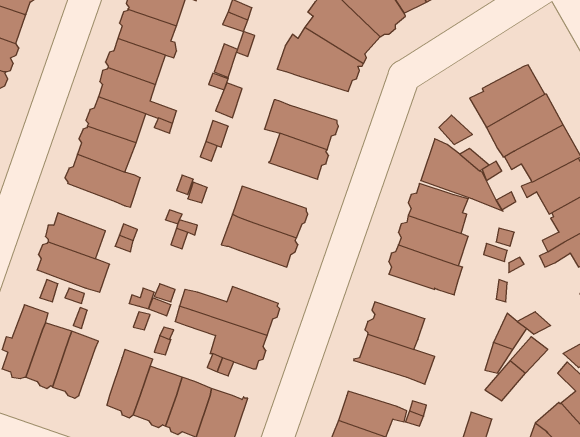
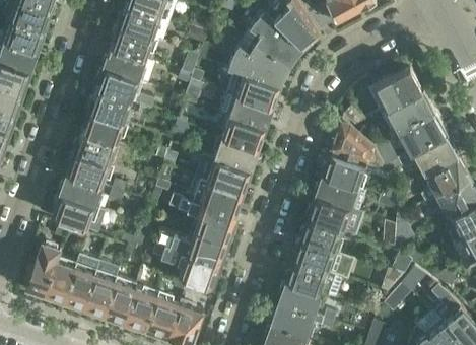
building: none -> [226,72,279,108]
building: none -> [214,138,258,171]
building: none -> [68,153,110,188]
building: none -> [169,193,236,240]
building: none -> [298,219,342,252]
building: none -> [83,268,117,317]
building: none -> [277,282,322,316]

